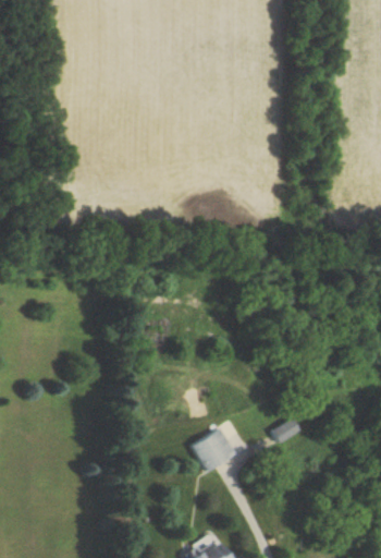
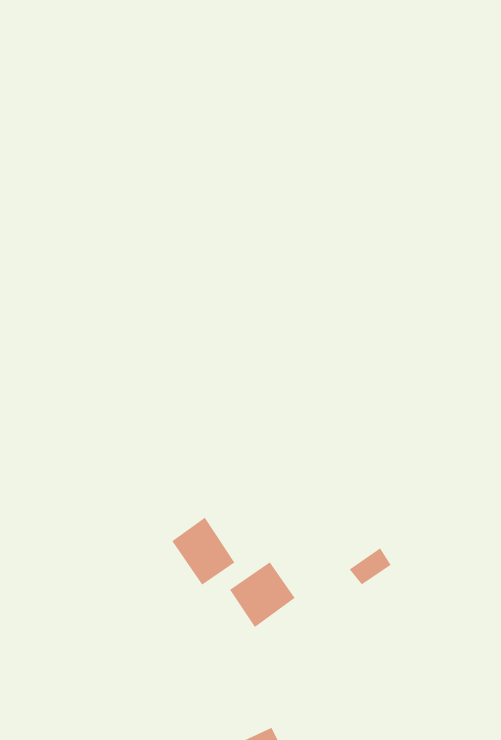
building: none -> [171,517,235,585]

